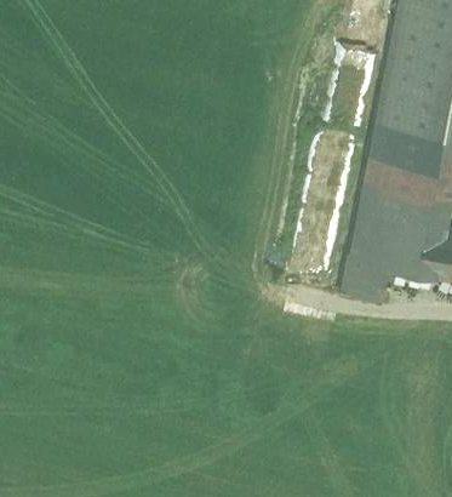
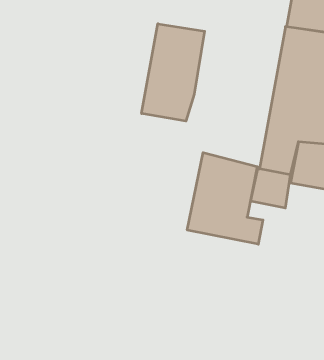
building: none -> [142,24,205,121]
building: none -> [187,153,263,244]

